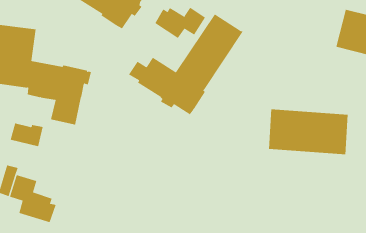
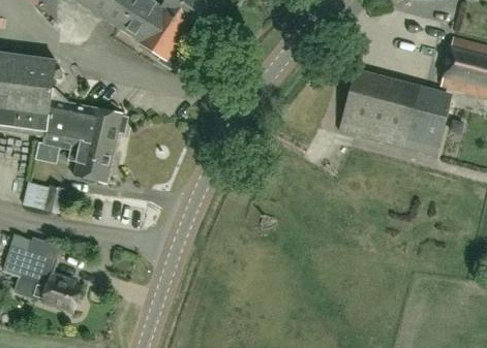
building: [154,7,206,39] -> none
building: [128,14,244,115] -> none
building: [268,109,348,155] -> [343,85,447,144]

